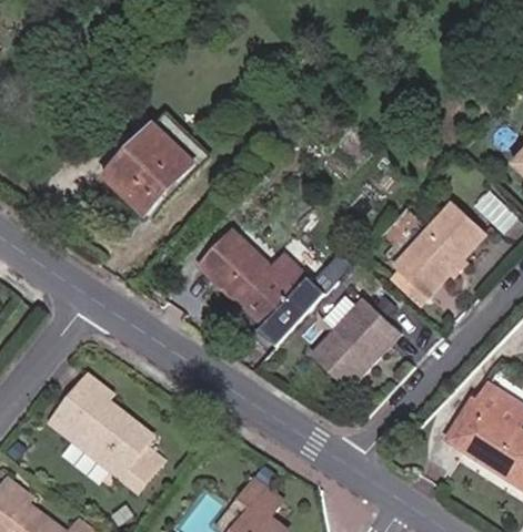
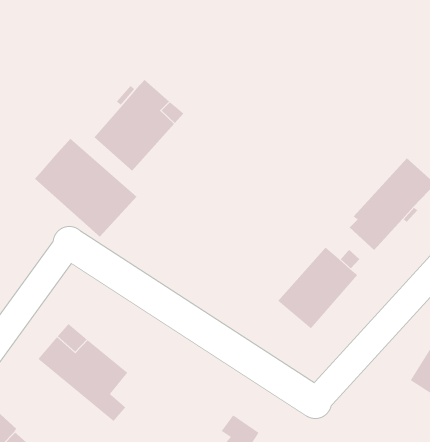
building: none -> [34,138,138,238]
building: [202,229,328,339] -> none

